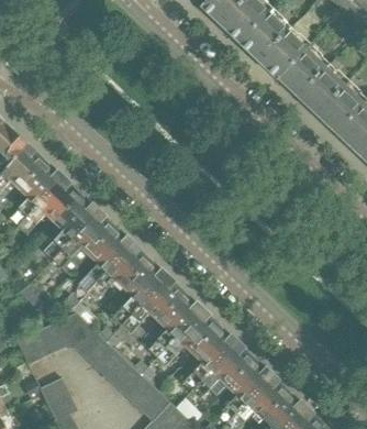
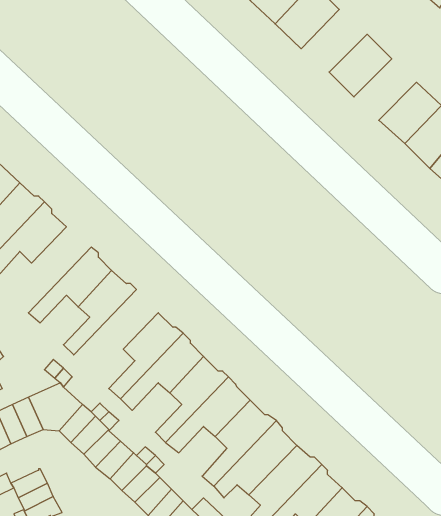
building: [258,31,308,79] -> none
building: [298,68,345,114] -> none
building: [44,195,100,260] -> none
building: [87,242,151,300] -> none

